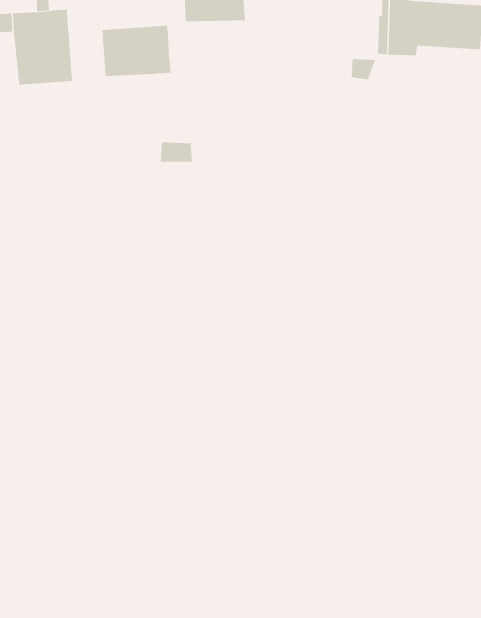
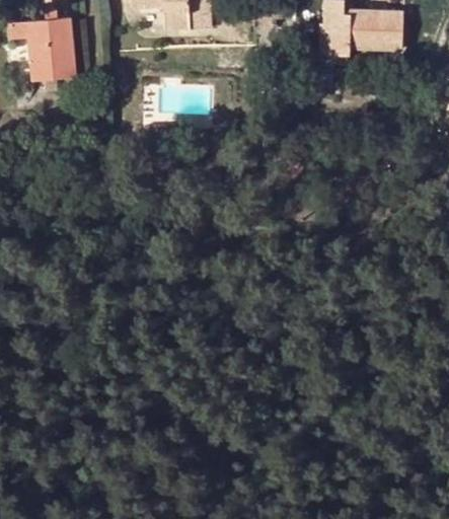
building: [102,25,171,77] -> none

